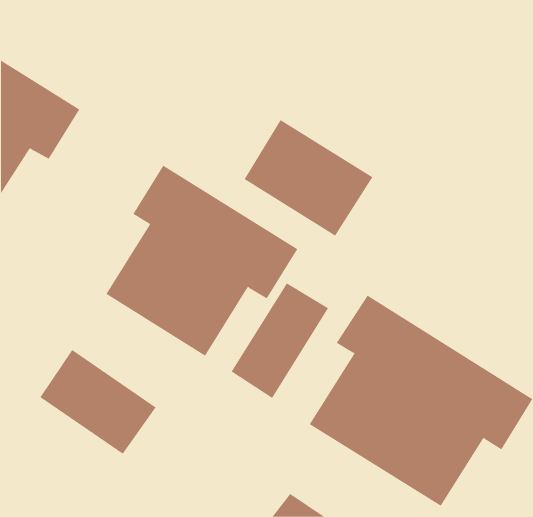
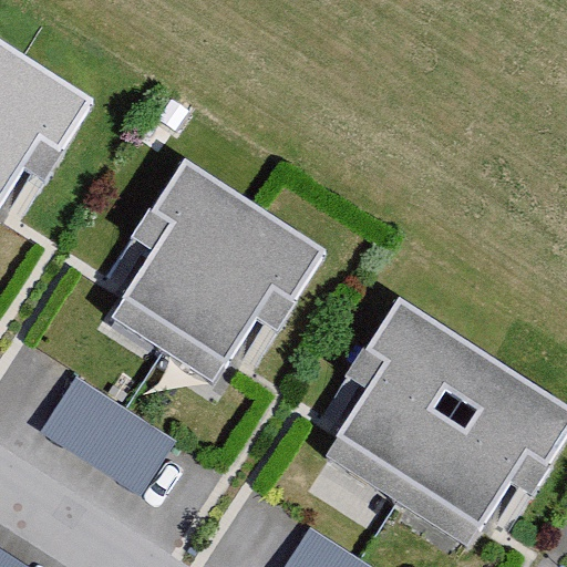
building: [244,119,373,236] -> none
building: [231,282,329,399] -> none

